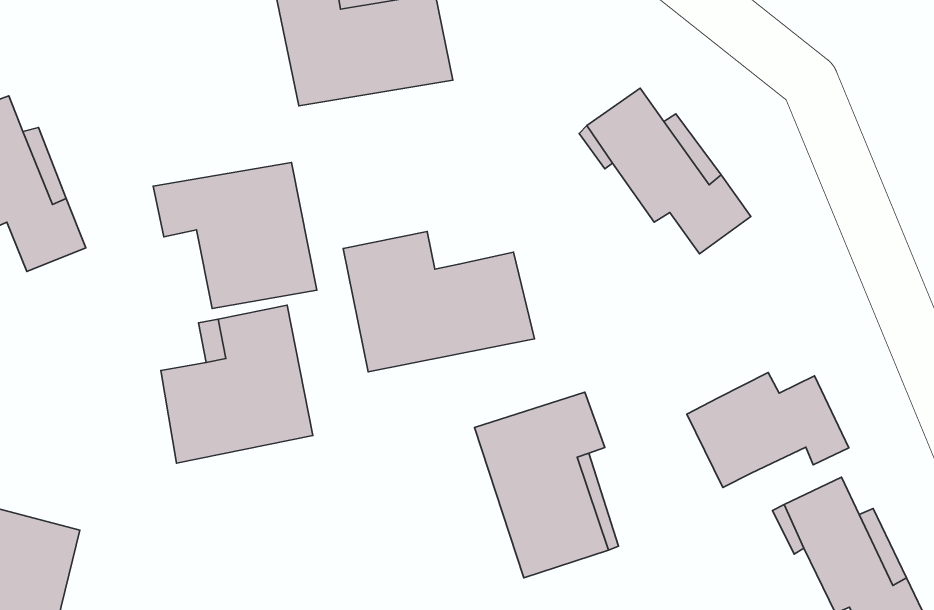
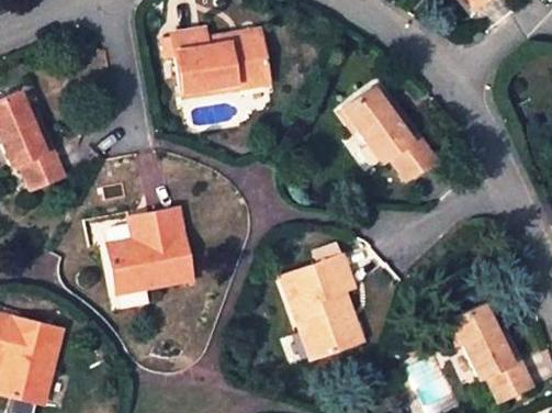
building: [153,162,317,308] -> none
building: [343,232,534,372] -> none
building: [687,373,849,487] -> none

